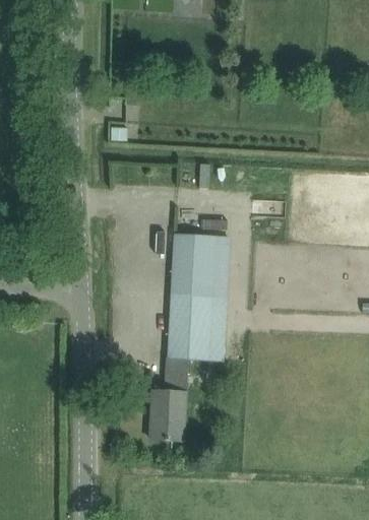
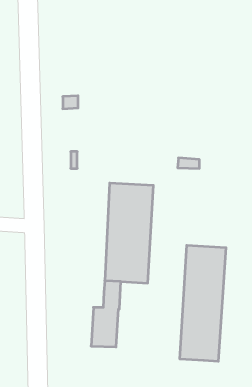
building: none -> [180,245,226,361]

